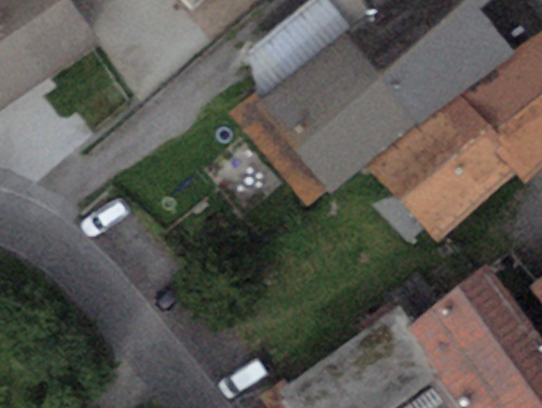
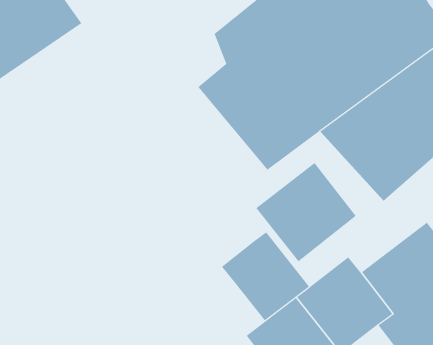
building: none -> [256,162,356,262]
building: none -> [221,231,310,321]

